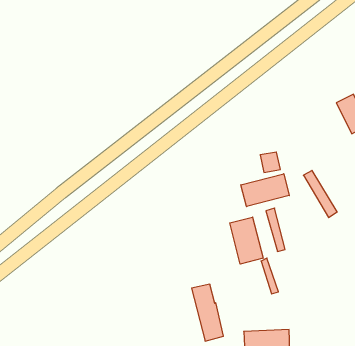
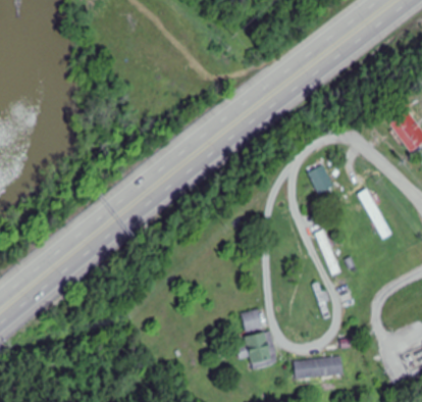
building: [241,174,289,207] -> none
building: [230,217,263,264] -> none

